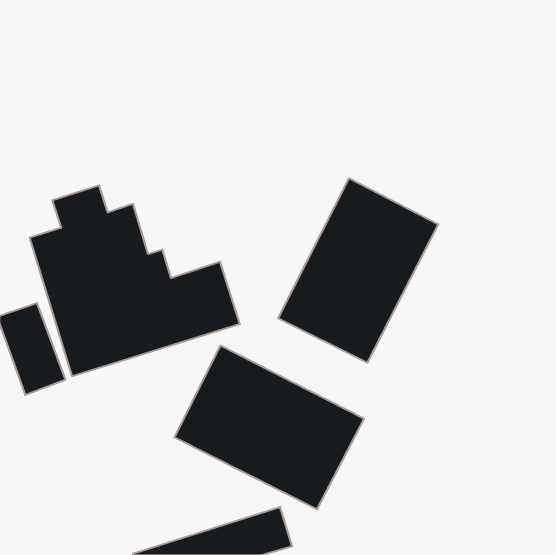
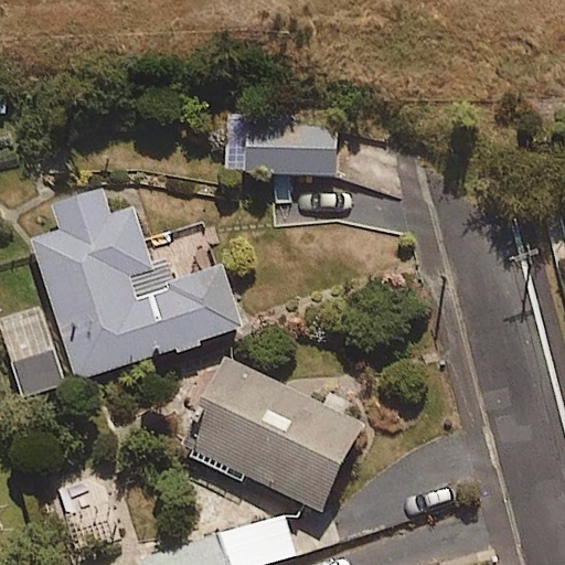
building: none -> [222,117,337,174]
building: [278,178,438,363] -> none

